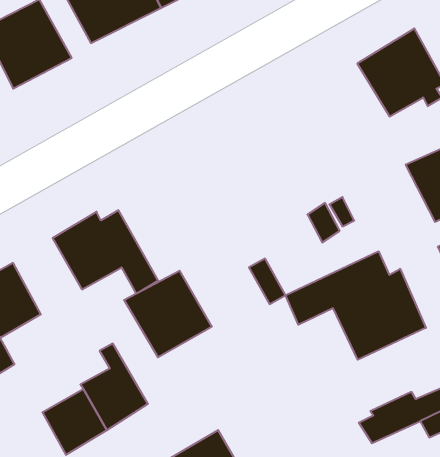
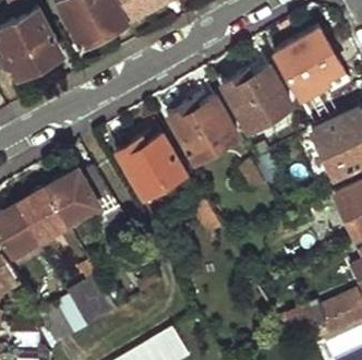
building: none -> [221,64,287,130]
building: none -> [169,96,234,161]
building: none -> [17,188,69,244]
building: [286,251,426,360] -> none
building: [124,271,212,357] -> [117,133,182,197]

